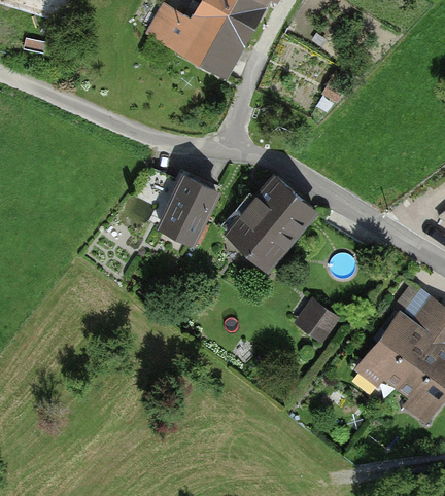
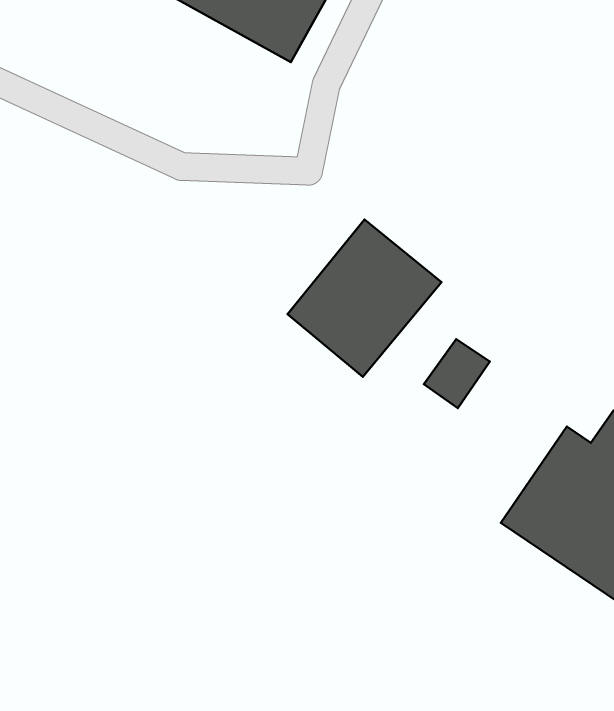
building: [150,175,219,245] -> none
building: [293,299,335,344] -> [424,339,490,408]

